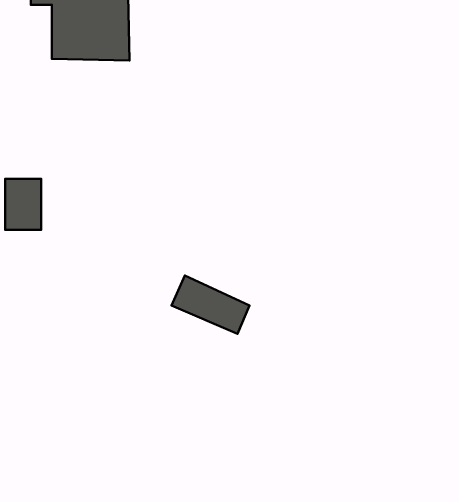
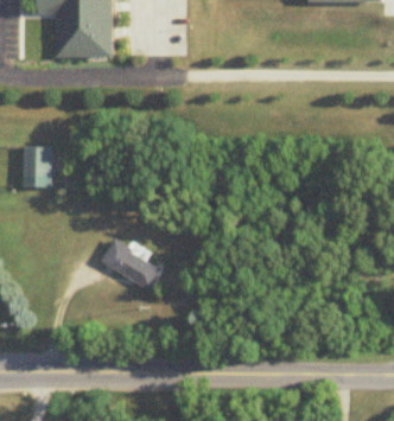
building: [172,275,249,334] -> [100,244,161,291]

